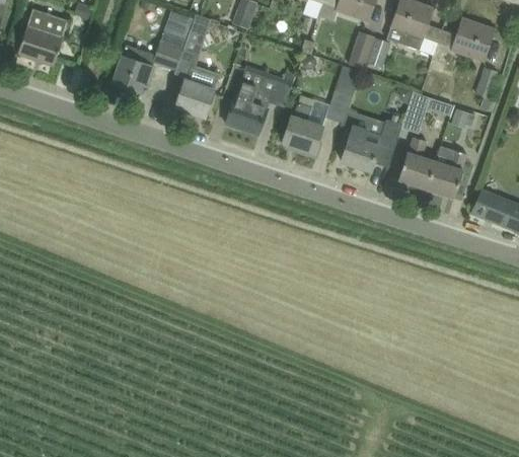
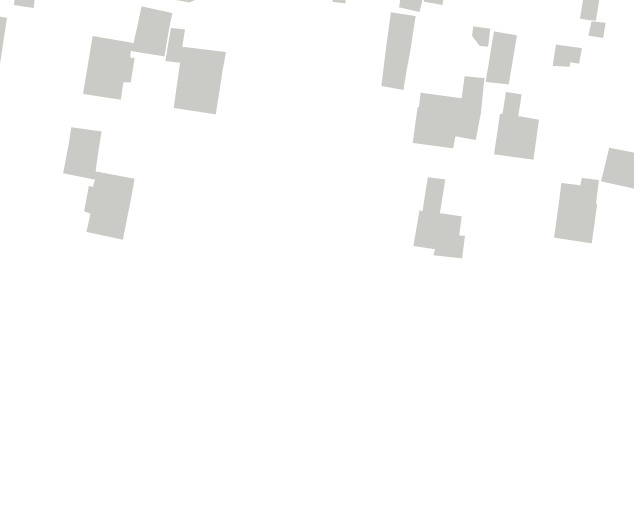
building: [225,69,291,135] -> none
building: [282,94,321,157] -> [412,177,466,259]
building: none -> [62,126,135,241]
building: [426,149,466,198] -> [553,178,600,244]

